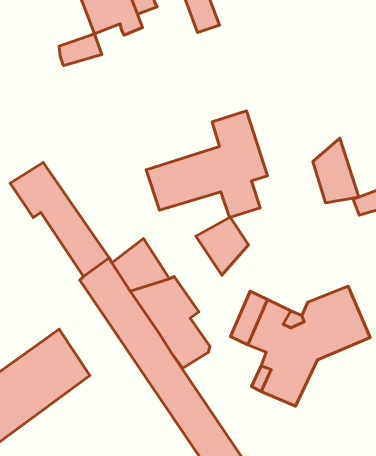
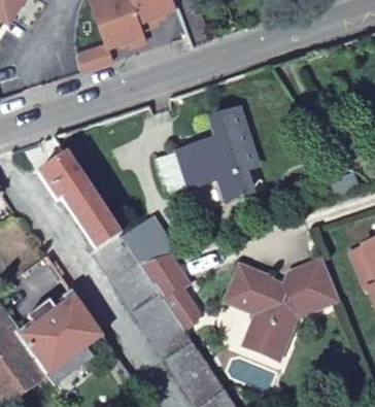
building: [313,138,359,203] -> none
building: [196,217,248,275] -> none

